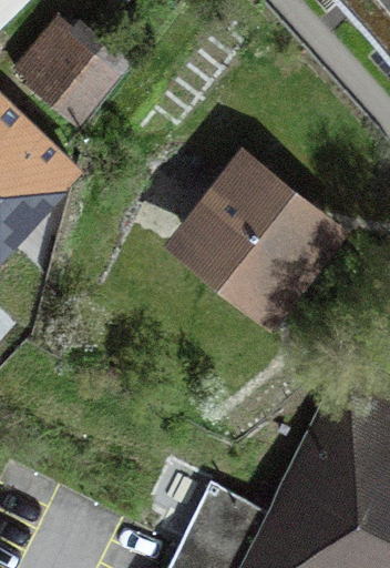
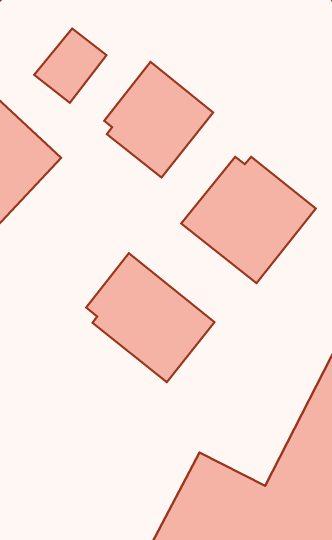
building: none -> [104,62,213,177]
building: none -> [86,253,215,382]

